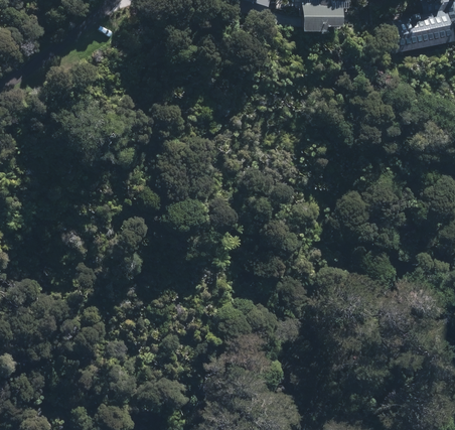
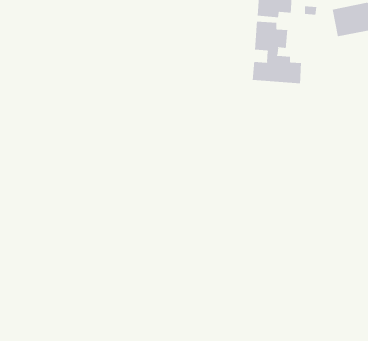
building: none -> [252,21,302,84]

